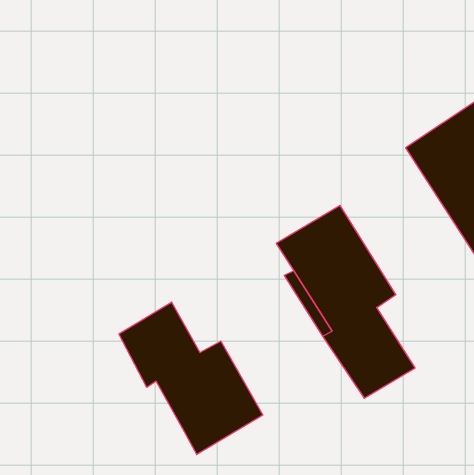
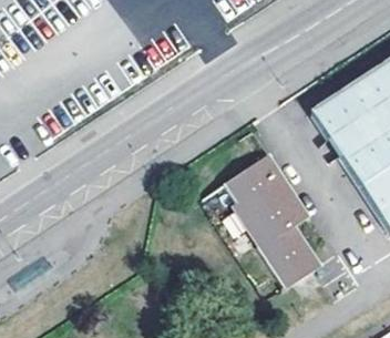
building: [119,302,263,455] -> none

